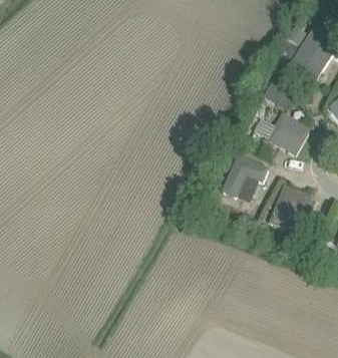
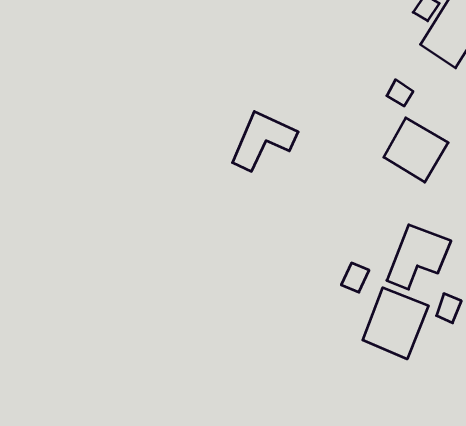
building: [223,155,268,197] -> [232,111,298,171]
building: none -> [363,288,428,359]

